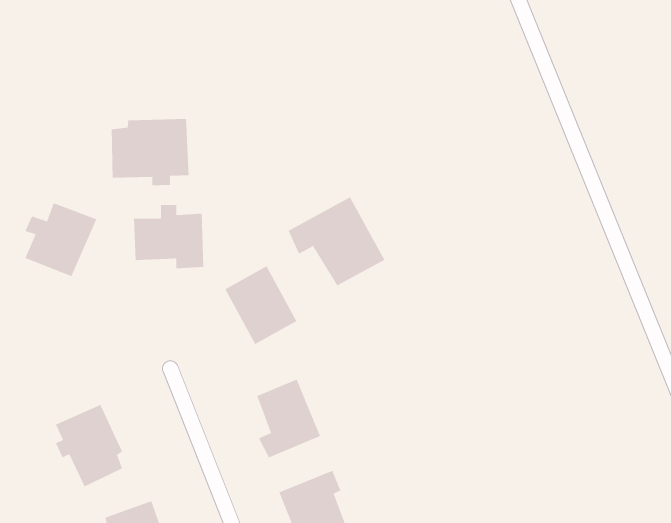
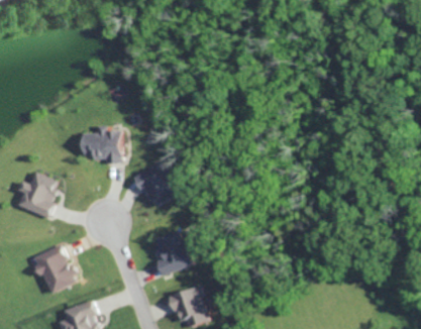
building: [111,118,189,186] -> none
building: [288,197,385,286] -> none
building: [25,202,97,277] -> [19,173,63,217]

